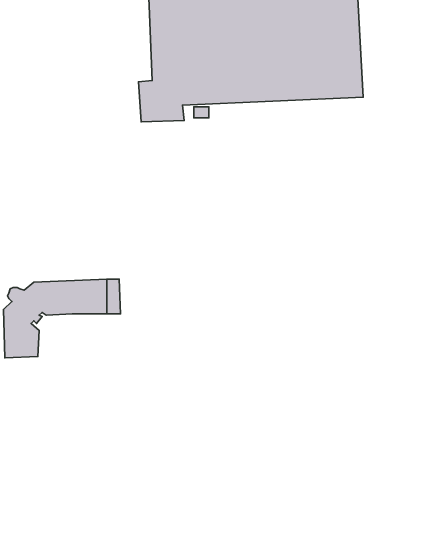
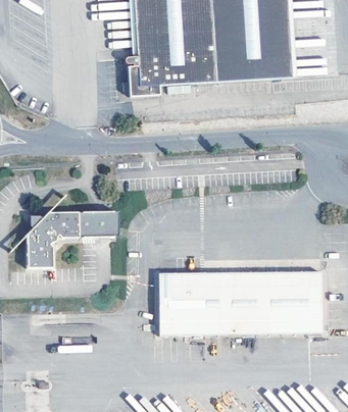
building: none -> [158,272,319,334]

